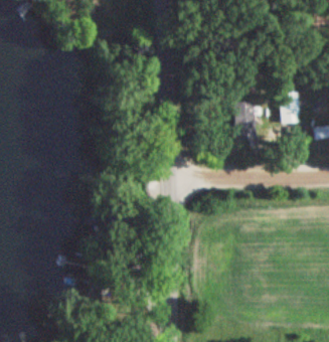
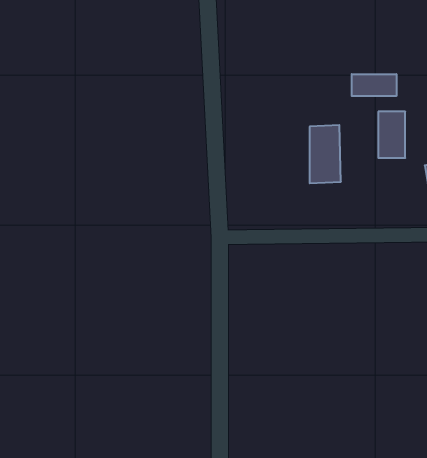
building: none -> [352,74,396,96]

